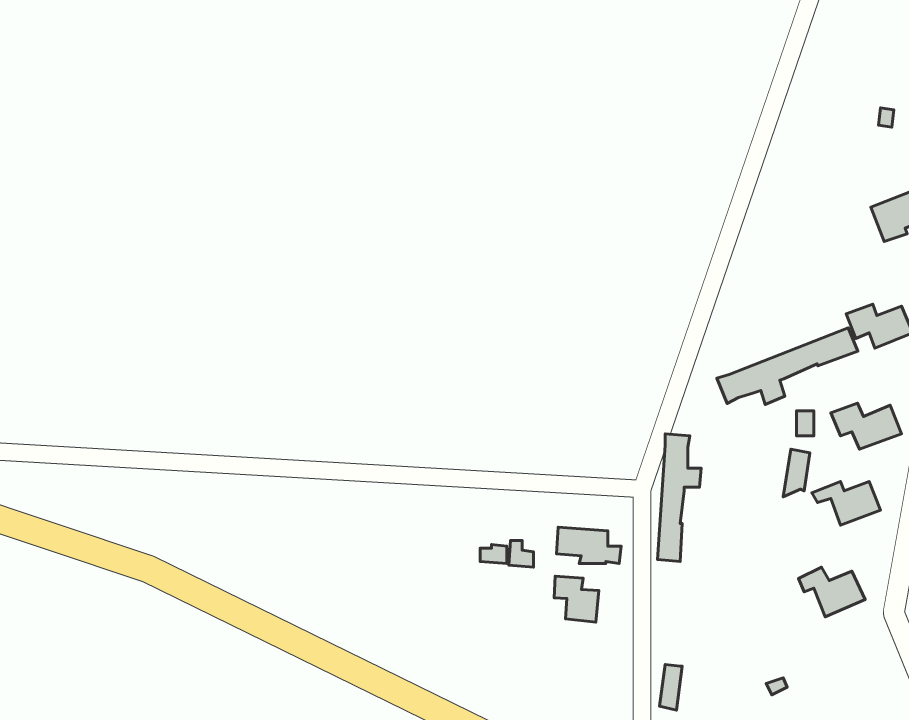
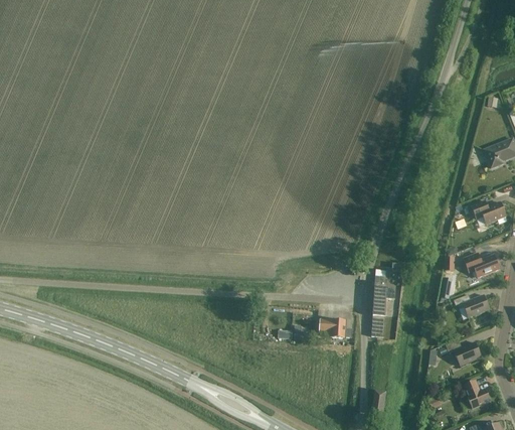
building: [717,328,858,404] -> none
building: [554,576,599,622] -> none
building: none -> [463,380,490,408]

